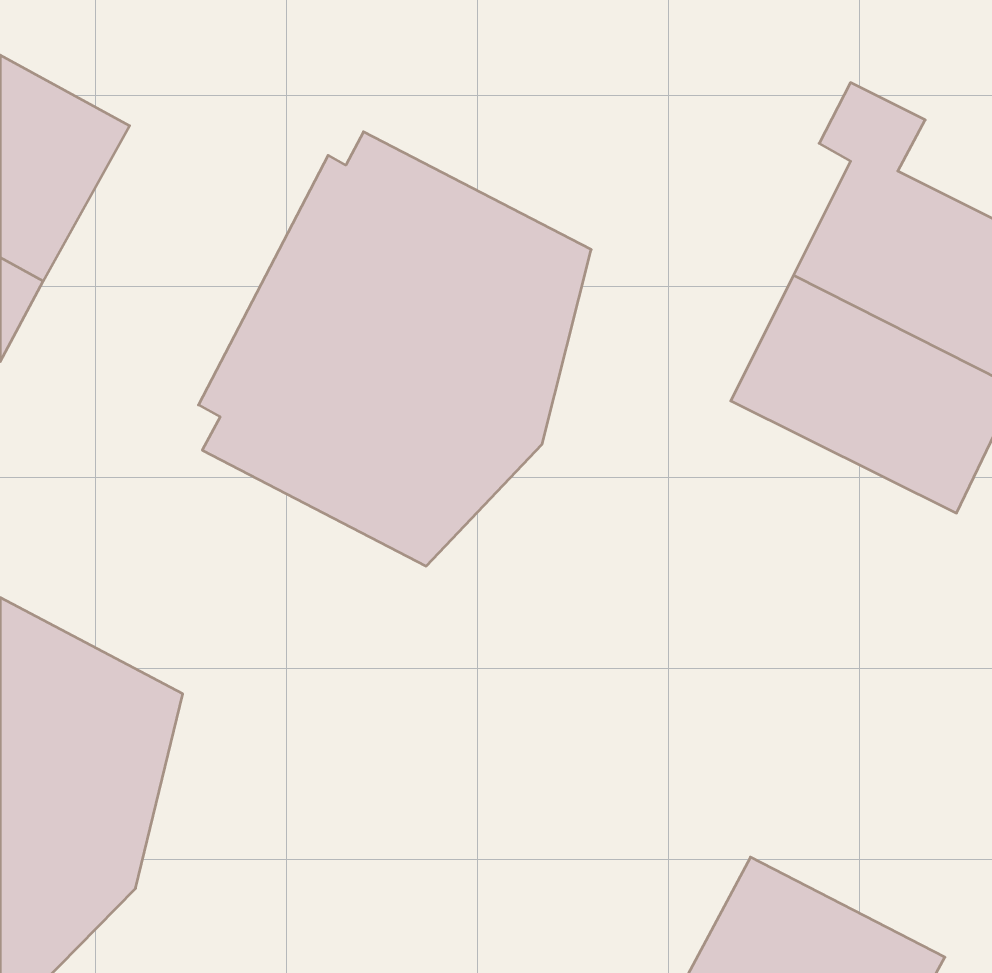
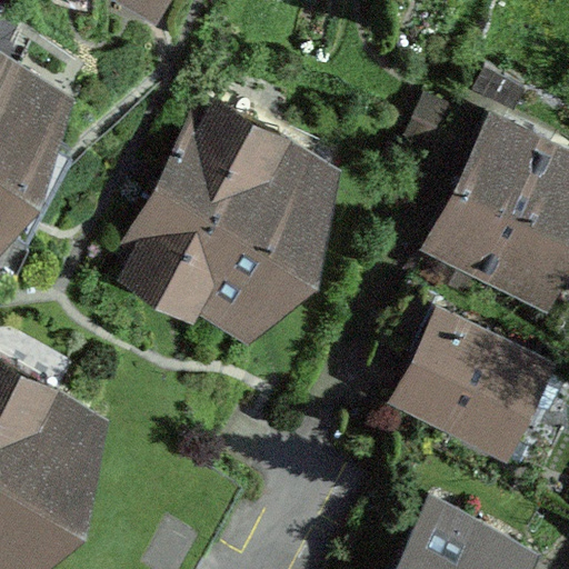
building: none -> [387,303,556,462]

